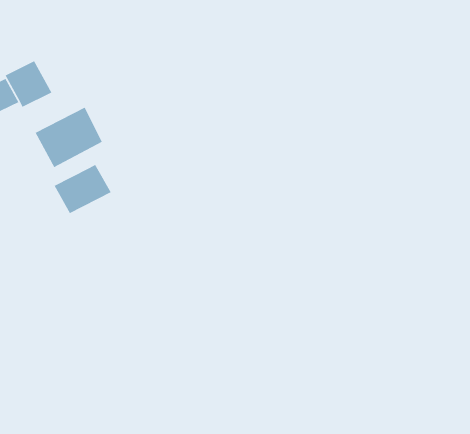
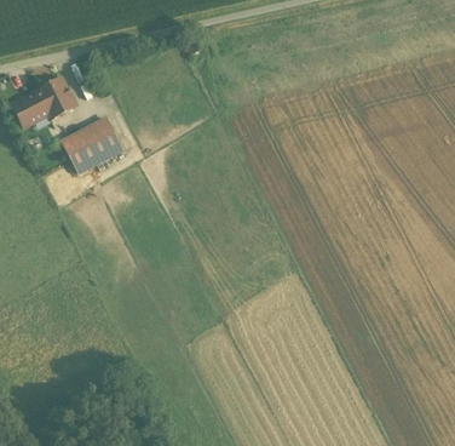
building: [53,164,112,214] -> none

